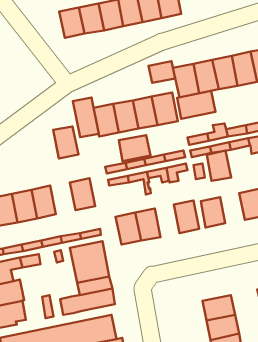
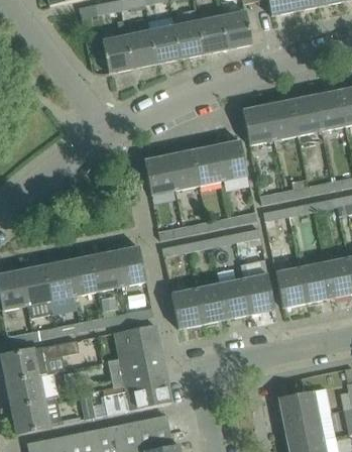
building: [149,61,175,83] -> none
building: [177,91,215,119] -> none
building: [73,97,99,137] -> none
building: [53,127,78,158] -> [91,251,122,291]
building: [119,135,151,161] -> none
building: [207,151,231,181] -> [301,264,331,302]
building: none -> [220,278,250,319]

